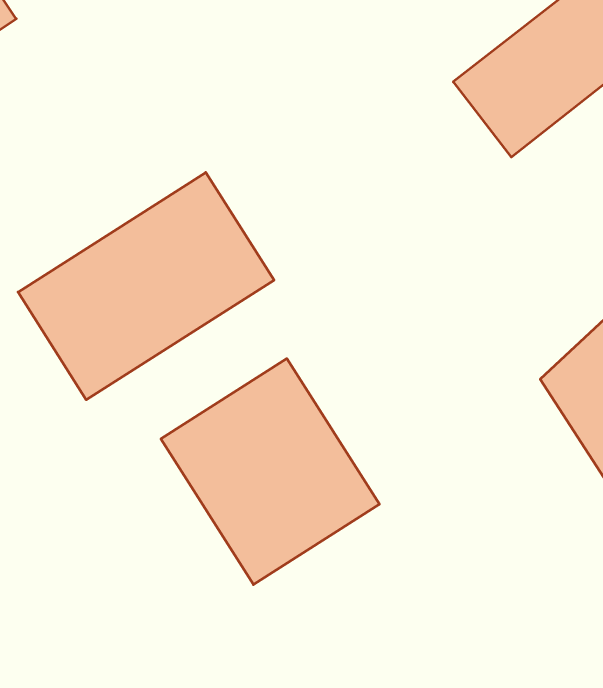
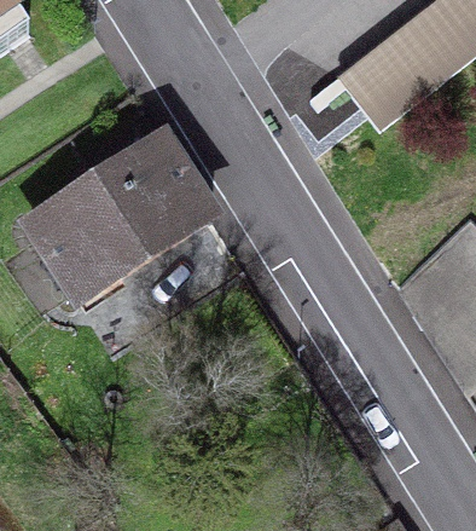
building: [161,359,379,585] -> none

